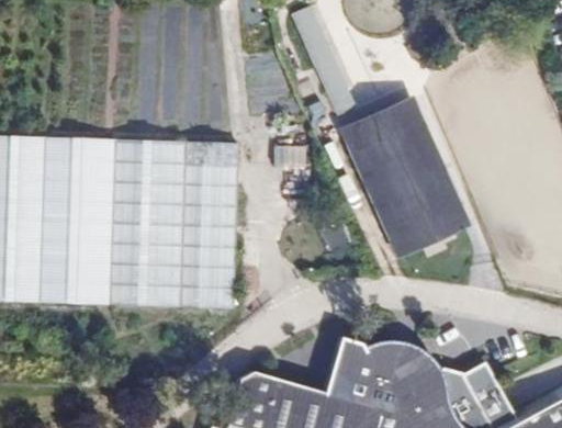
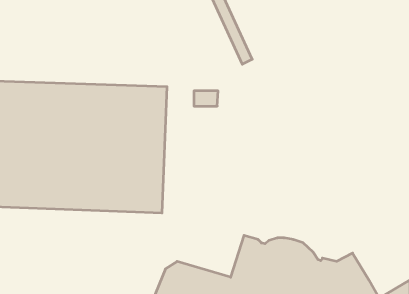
building: [350,106,481,273] -> none

